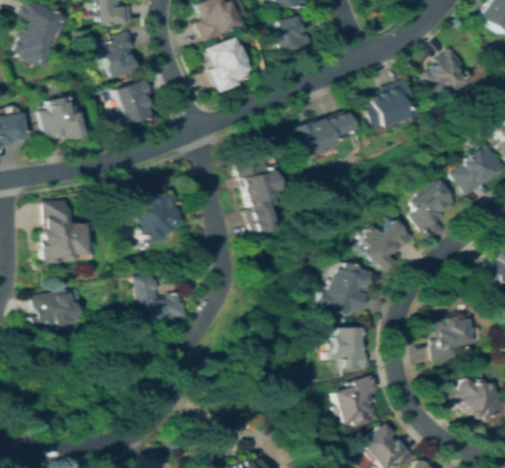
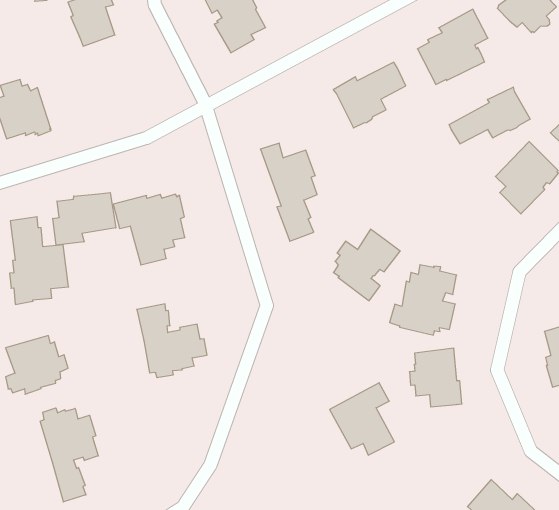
building: [117,79,155,123] -> none
building: none -> [449,87,530,144]
building: none -> [53,193,116,245]
building: [362,218,413,271] -> [333,229,400,301]
building: none -> [40,408,98,502]
building: [334,374,380,427] -> [330,383,394,455]

